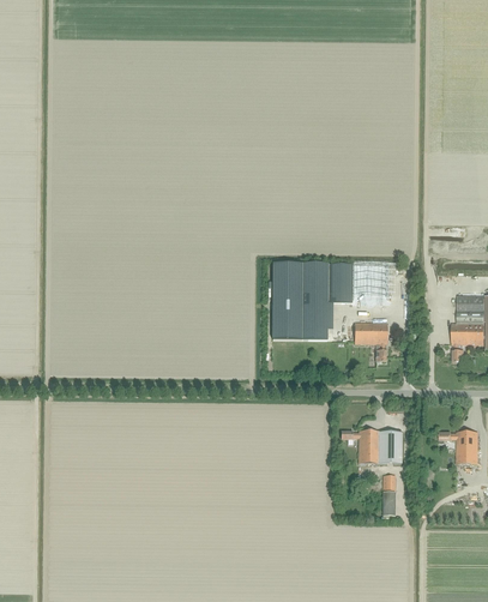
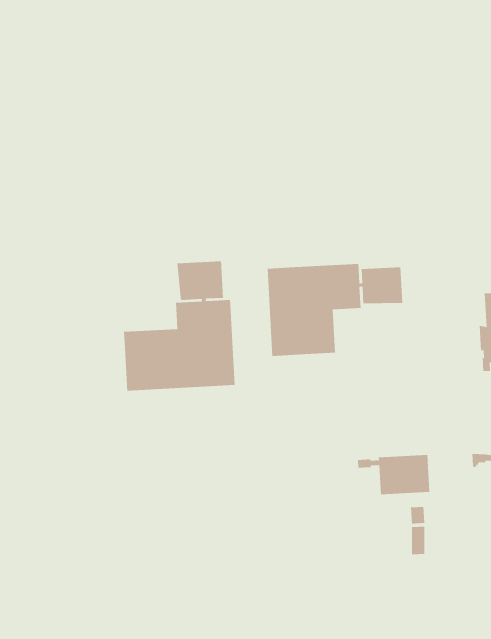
building: none -> [124,260,235,391]
building: [355,321,386,362] -> none

